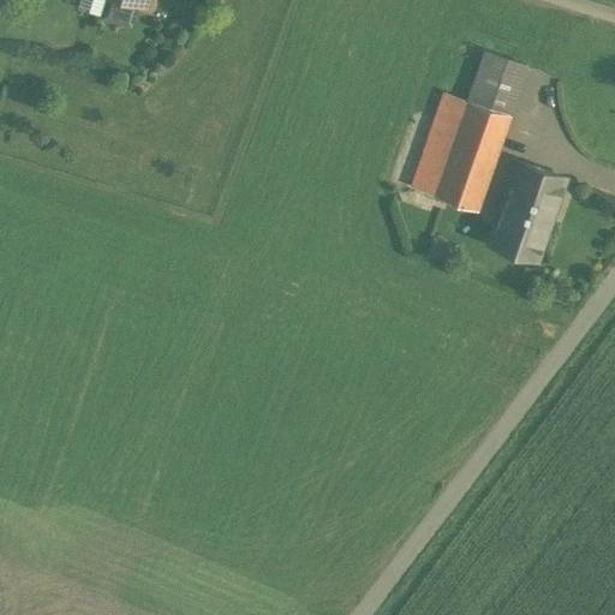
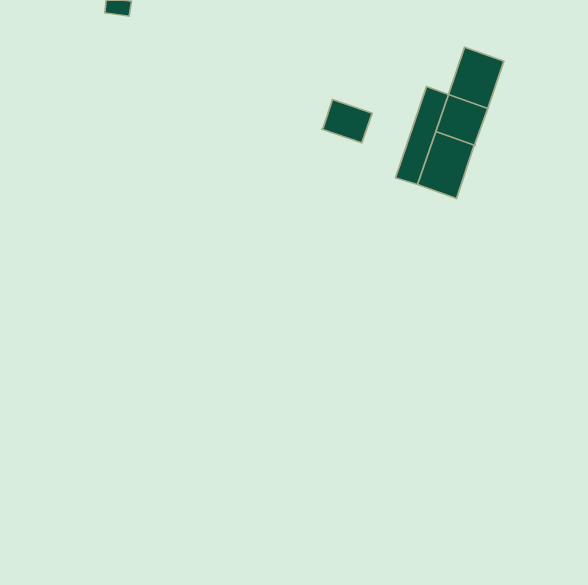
building: none -> [322,99,372,143]
building: [489,163,565,262] -> none

